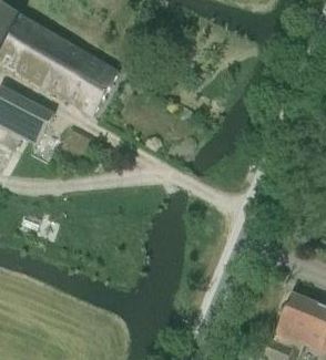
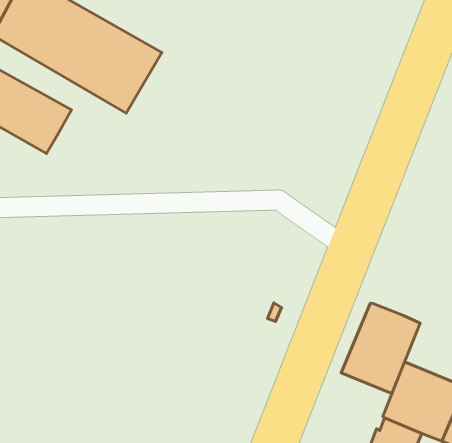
building: none -> [341,303,420,393]

